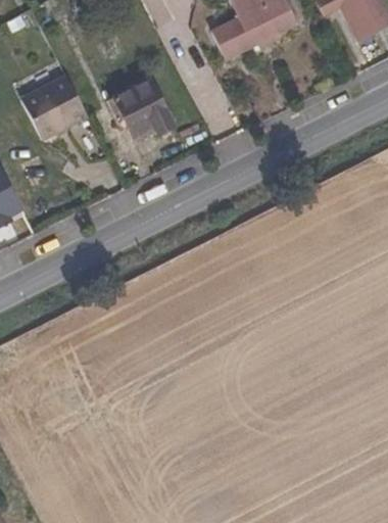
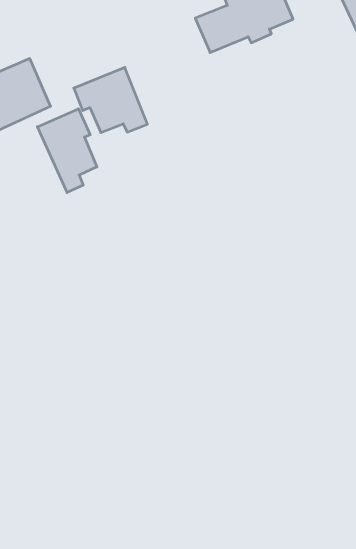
building: none -> [37,109,97,193]

